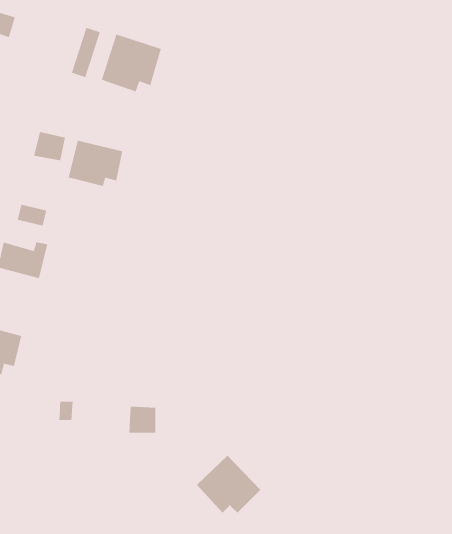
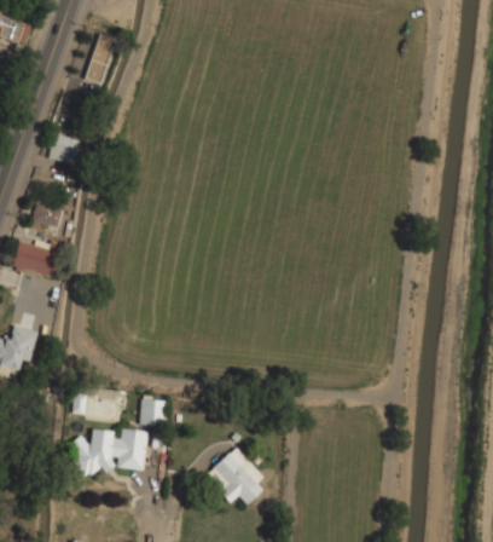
building: [101,34,162,92] -> none
building: [68,140,123,187] -> none
building: none -> [70,429,149,478]

